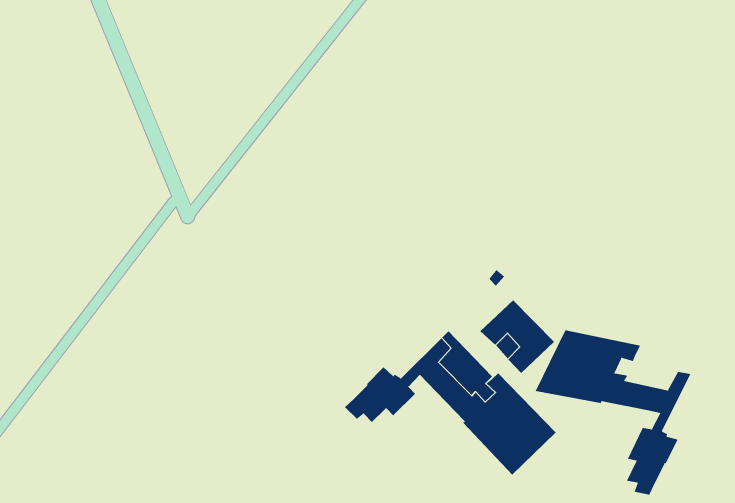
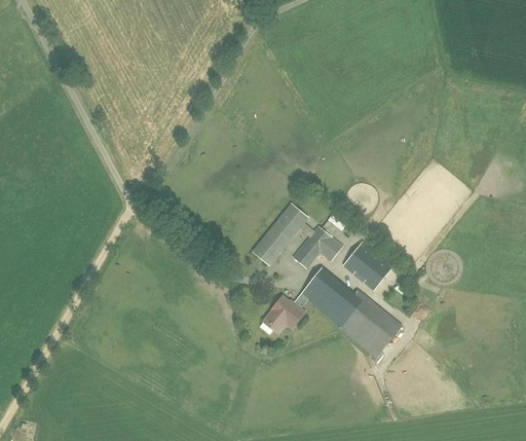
building: none -> [252,204,343,266]
building: [535,330,691,496] -> none

